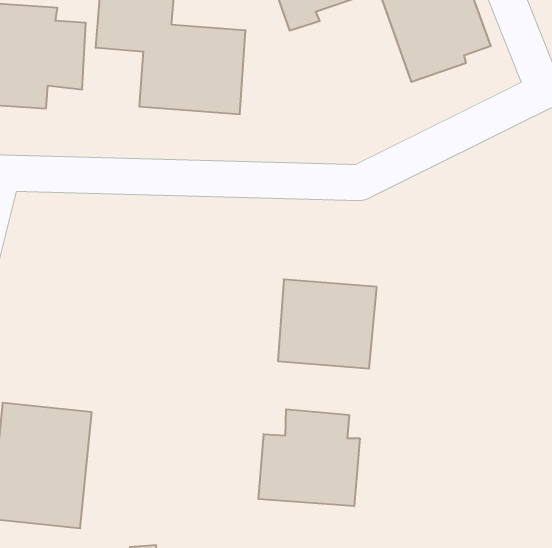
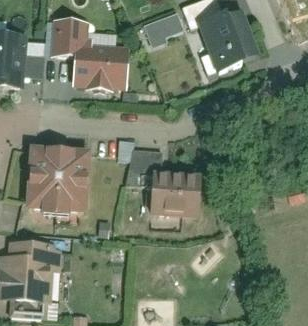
building: none -> [22,148,87,217]
building: none -> [128,150,149,184]
building: [258,409,360,506] -> none

